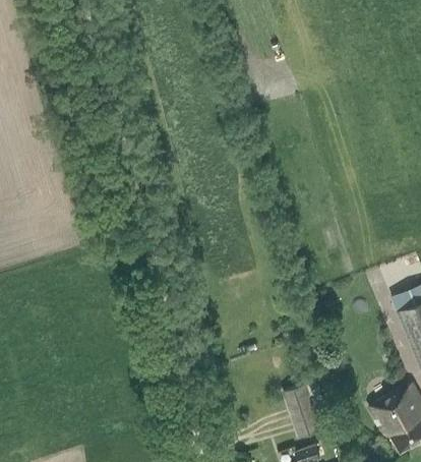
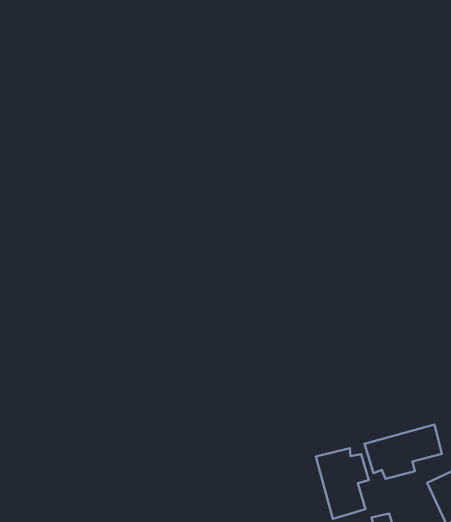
building: none -> [364,425,442,479]

